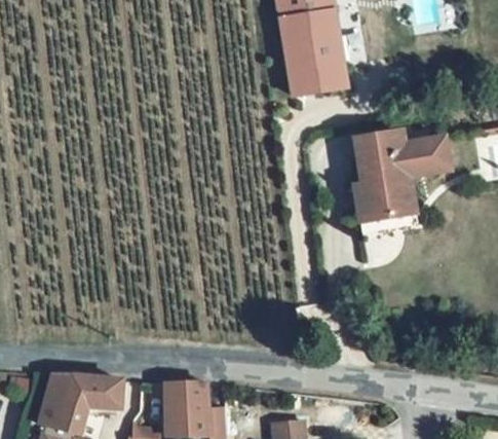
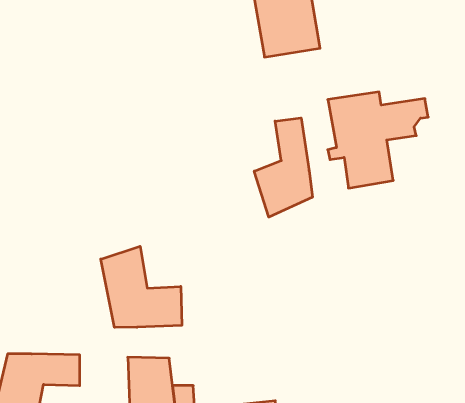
building: none -> [254,118,312,217]
building: none -> [101,246,182,327]

